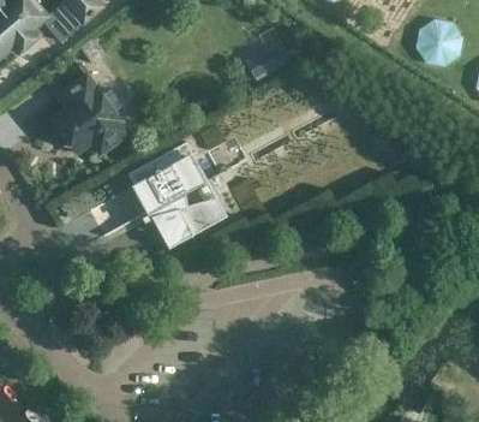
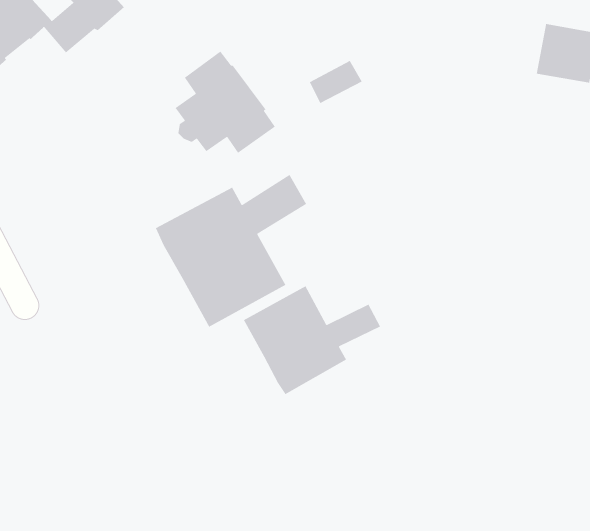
building: [52,77,128,155] -> [174,51,276,154]
building: none -> [243,285,381,395]

